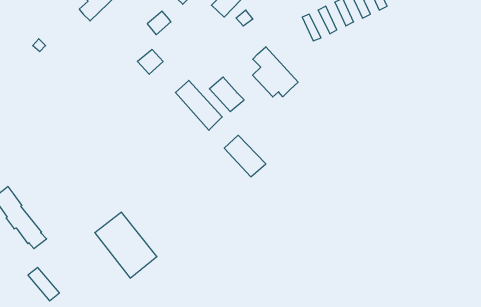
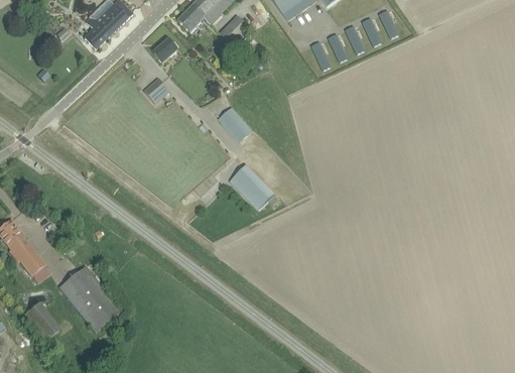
building: [253,47,298,97] -> none
building: [175,80,222,130] -> none
building: [95,212,157,278] -> [58,264,122,332]

